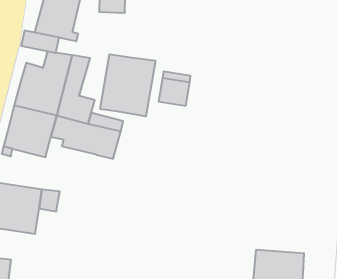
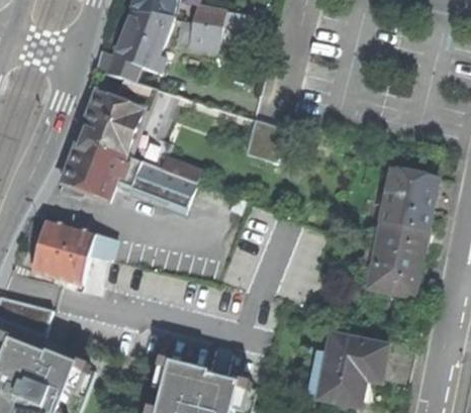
building: [100,54,155,117] -> none
building: none -> [368,168,438,296]

